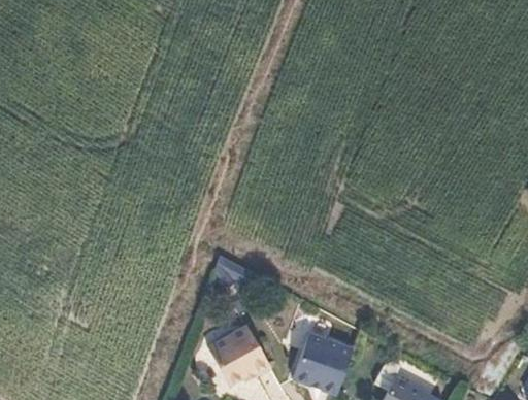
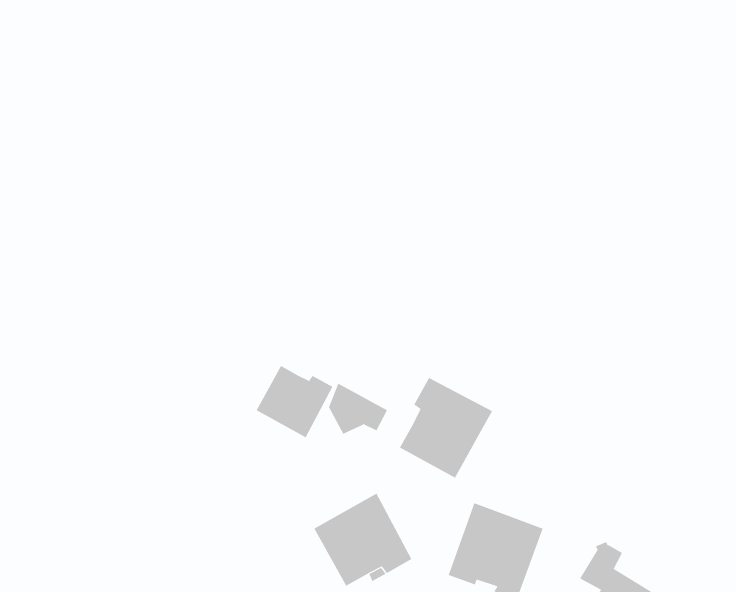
building: none -> [256,365,333,438]
building: none -> [399,377,493,478]

